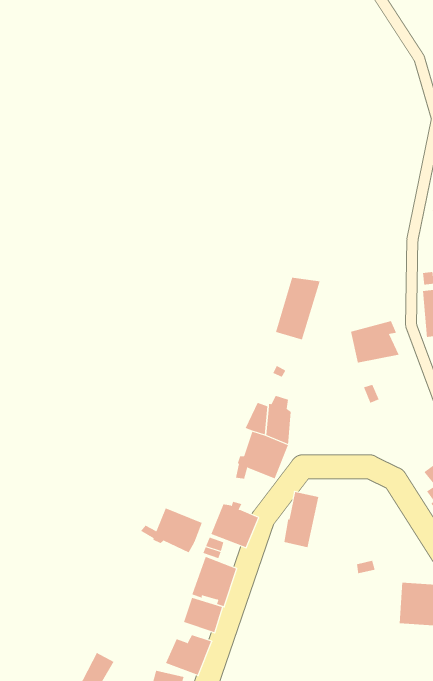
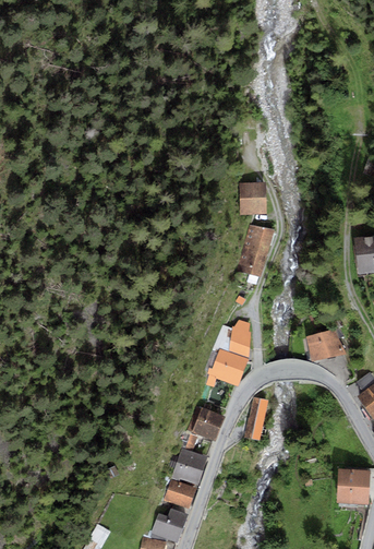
building: none -> [239,182,265,214]
building: [350,320,400,363] -> [306,327,346,361]
building: [140,507,203,553] -> none

